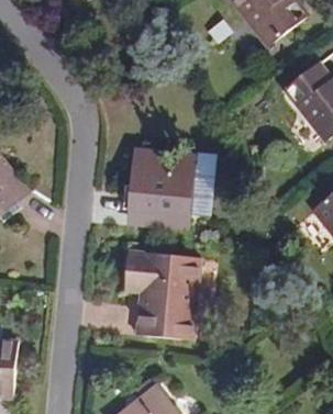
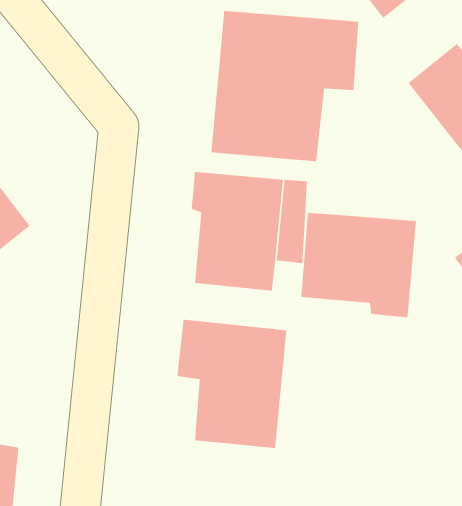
building: none -> [210,10,359,162]
building: none -> [300,212,417,318]

